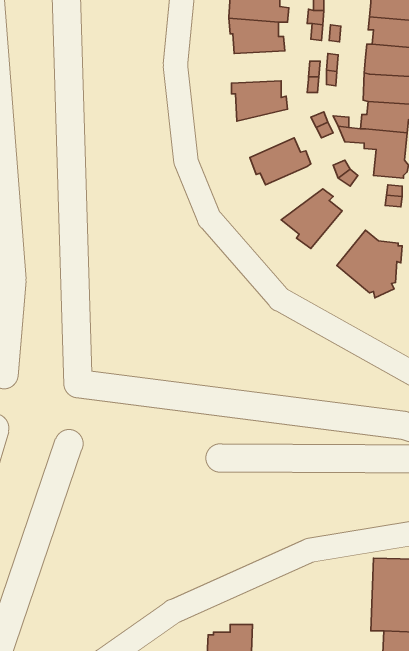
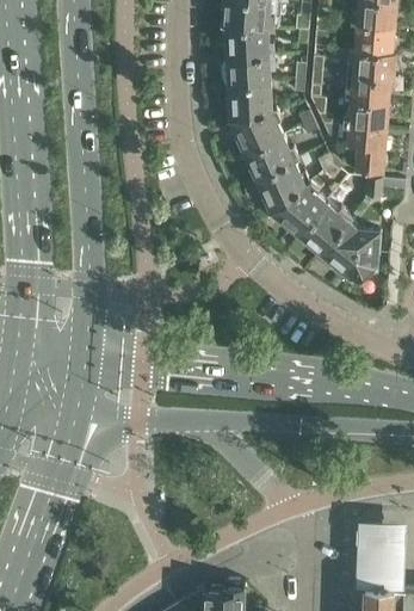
building: none -> [224,56,274,86]
building: none -> [230,110,283,154]
building: none -> [253,162,309,211]
building: none -> [298,203,352,253]

